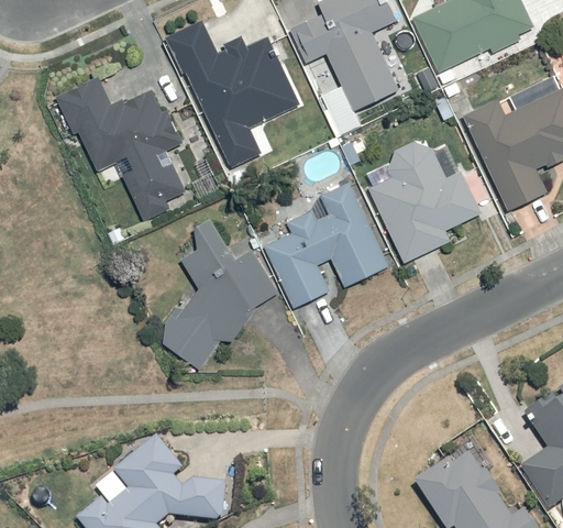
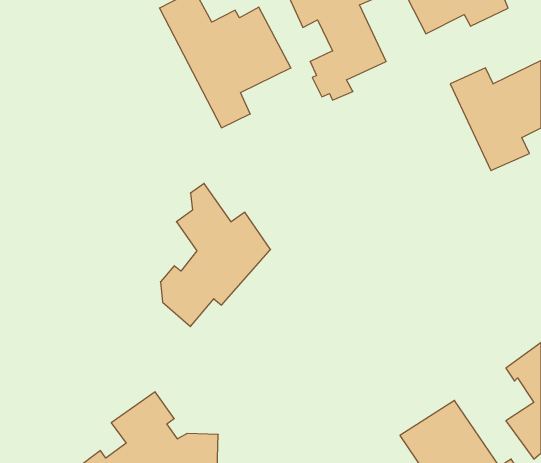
building: [56,81,187,217] -> none
building: [371,141,483,261] -> none
building: [265,180,390,308] -> none

